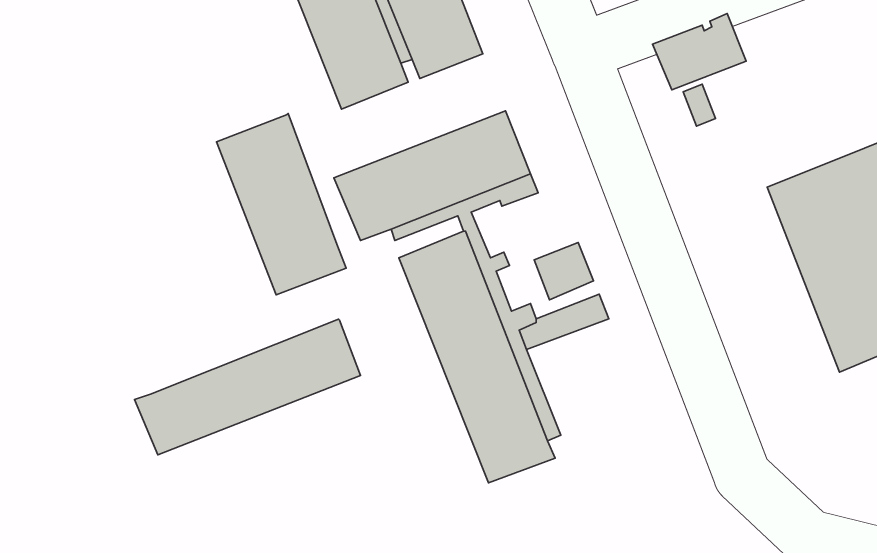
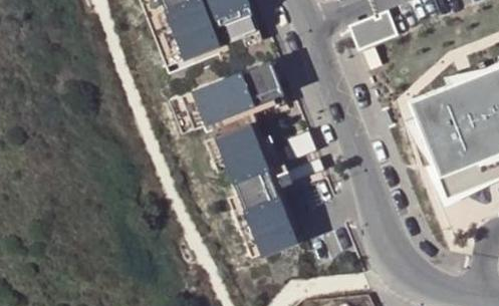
building: [217,113,346,295] -> none
building: [135,319,360,455] -> none

